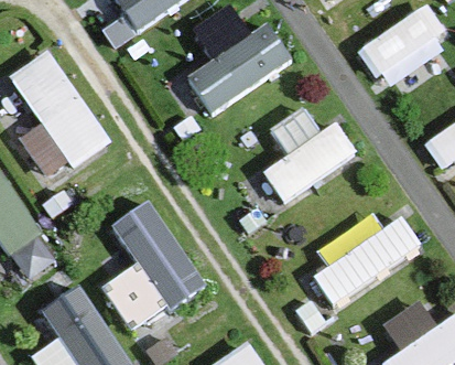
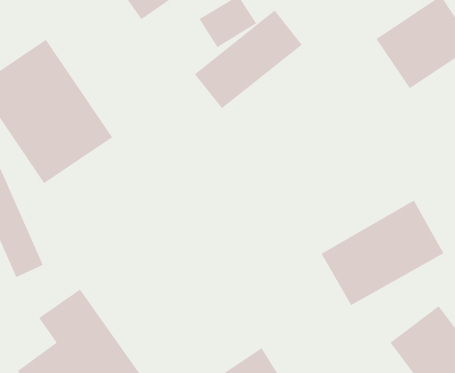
building: [250,103,351,198] -> none
building: [104,198,209,334] -> none

